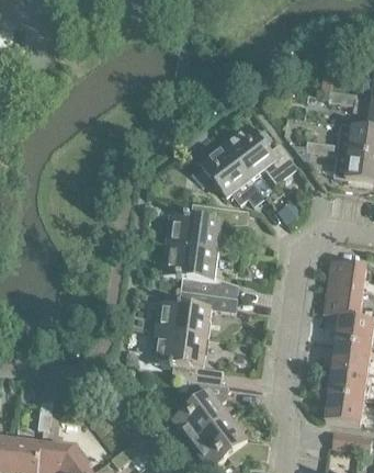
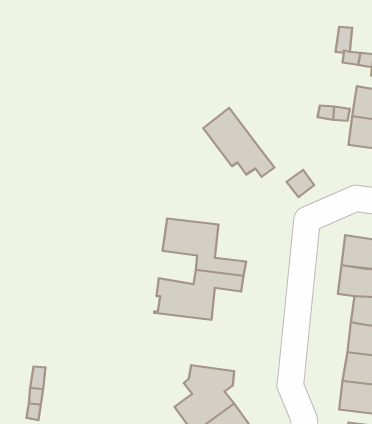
building: [224,125,297,183] -> none
building: [167,204,249,250] -> none
building: [152,331,223,384] -> none

